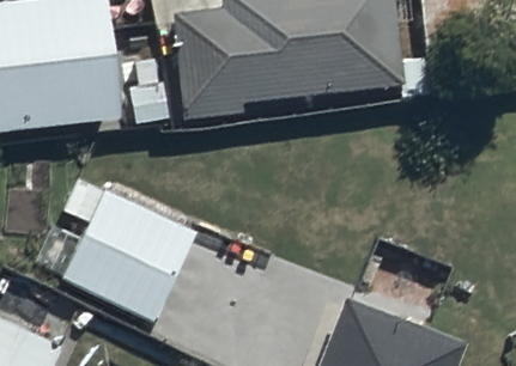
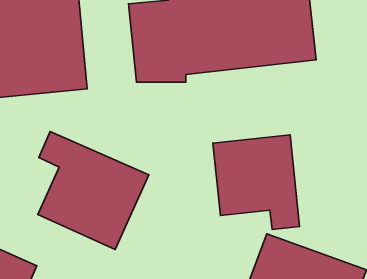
building: none -> [213,135,299,229]

